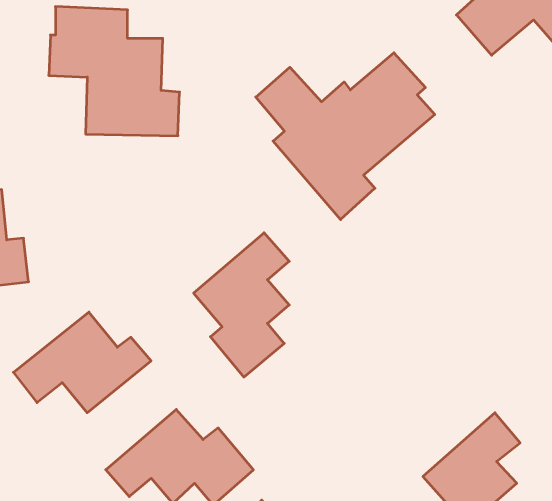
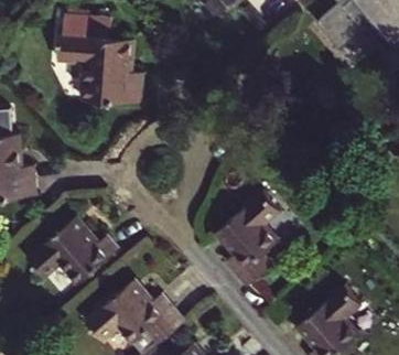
building: [256,53,435,220] -> none
building: [194,233,289,377] -> [214,193,277,288]

